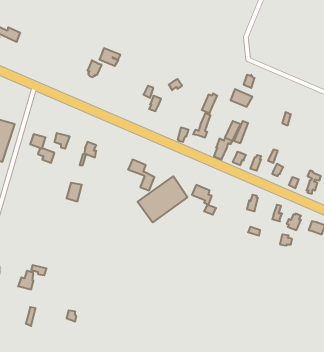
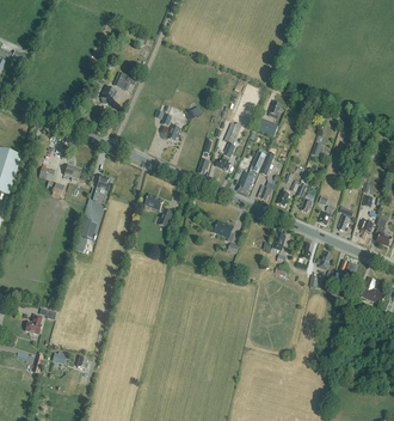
building: [138,176,187,222] -> none

